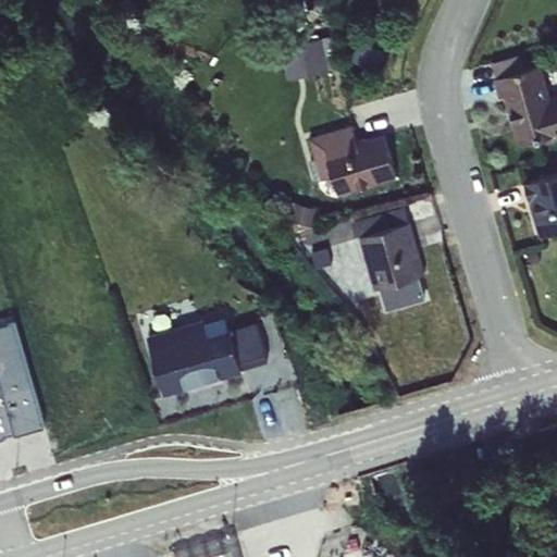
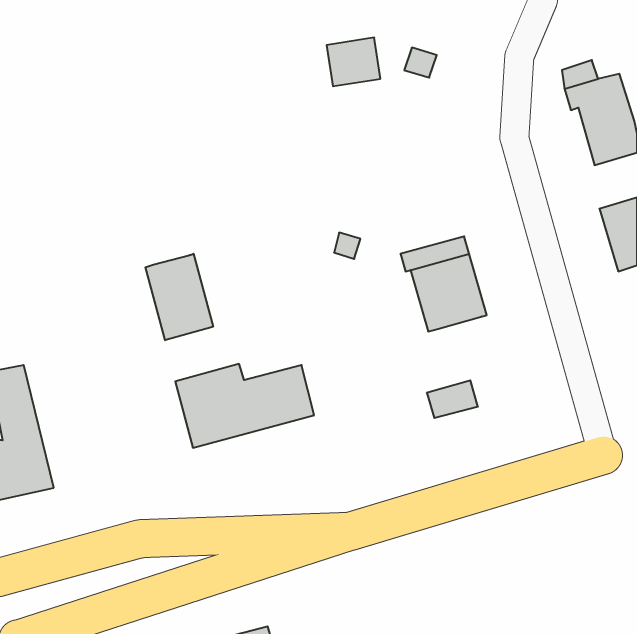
building: [307,128,396,198] -> none
building: none -> [145,254,213,340]
building: [381,280,425,312] -> [427,380,478,418]

